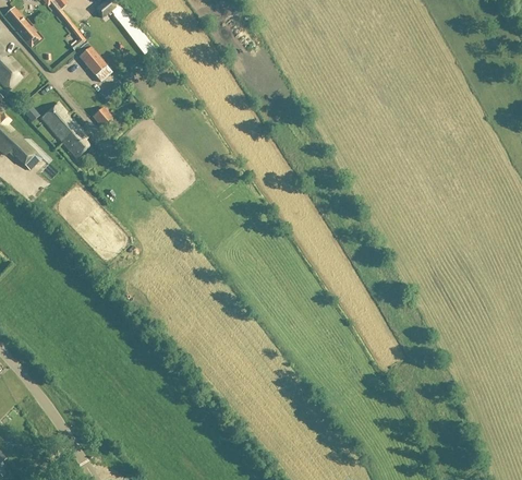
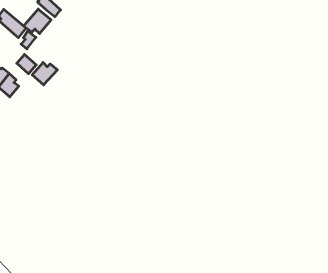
building: none -> [24,9,51,34]
building: none -> [32,62,57,85]

